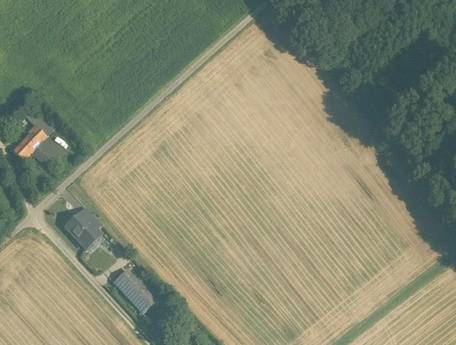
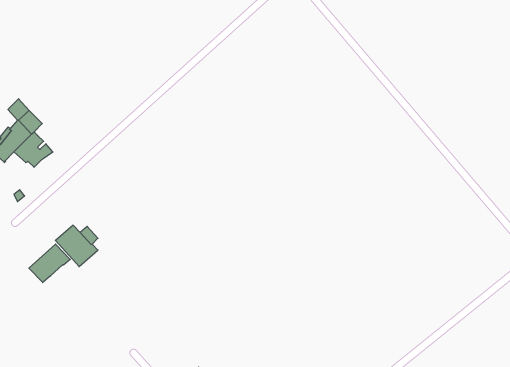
building: none -> [29,244,70,283]
building: [113,270,154,312] -> none

